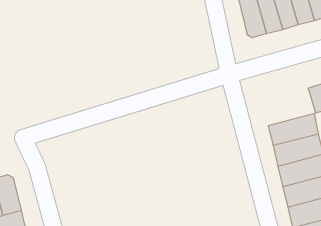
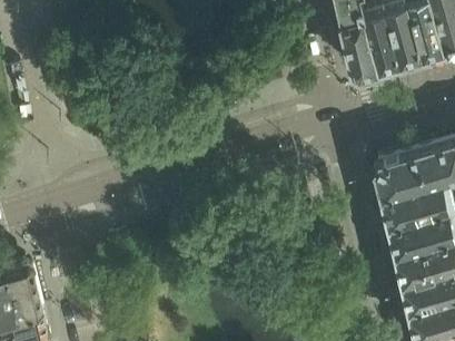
building: none -> [374,152,445,203]

